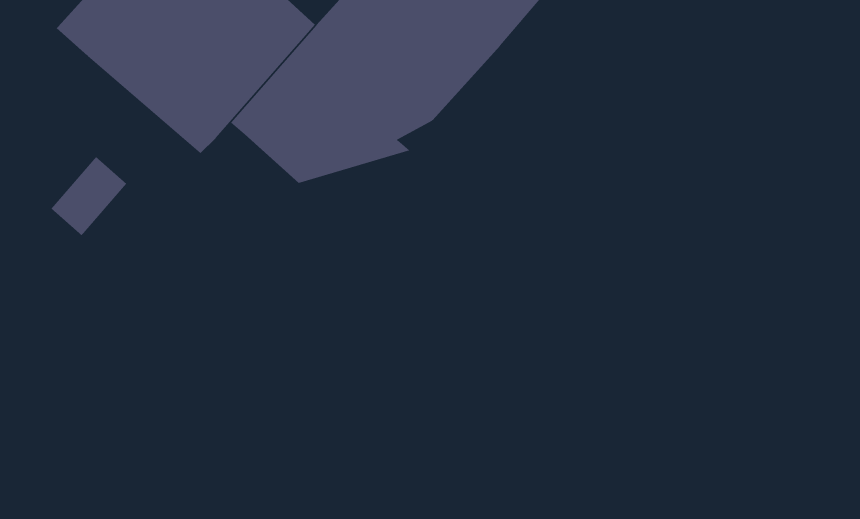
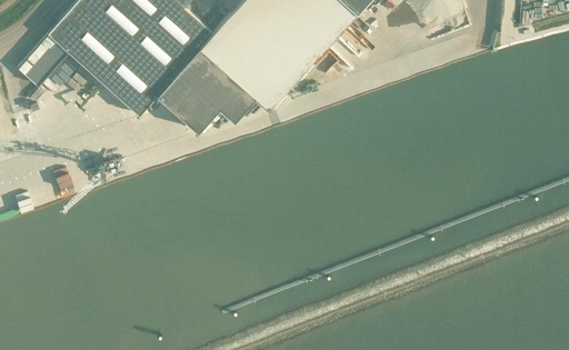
building: [50,156,127,236] -> [18,34,67,86]

